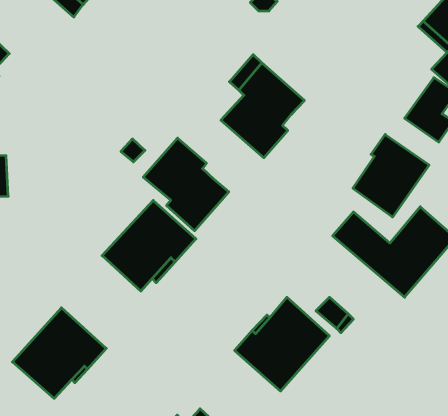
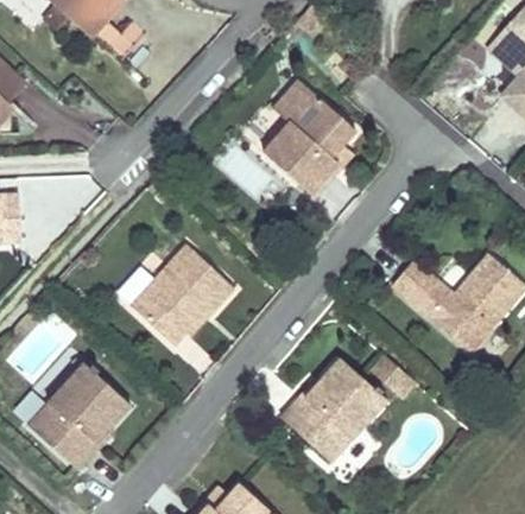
building: [353,134,429,217] -> none
building: [143,138,229,231] -> none

